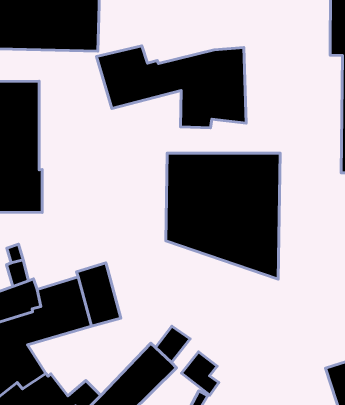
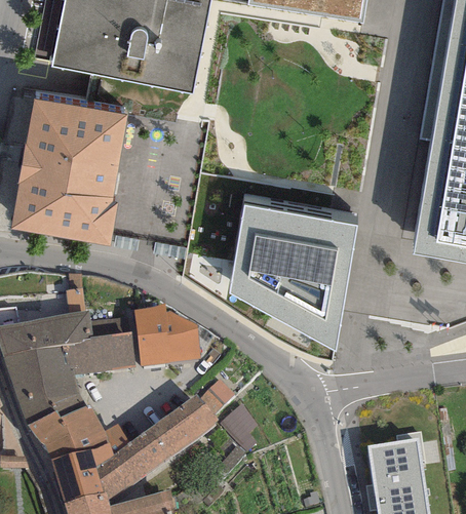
building: [97,46,246,128] -> none
building: none -> [165,310,199,362]

